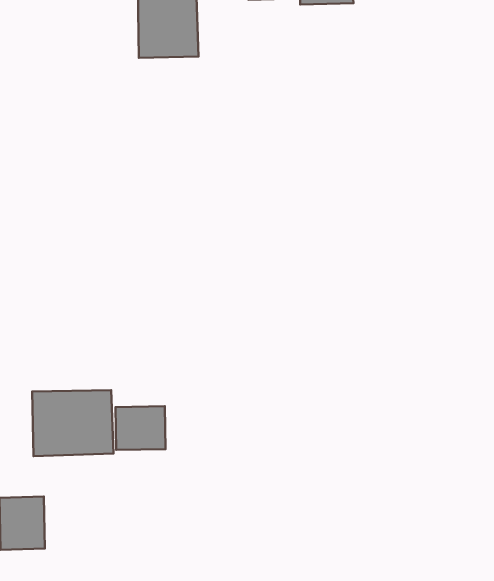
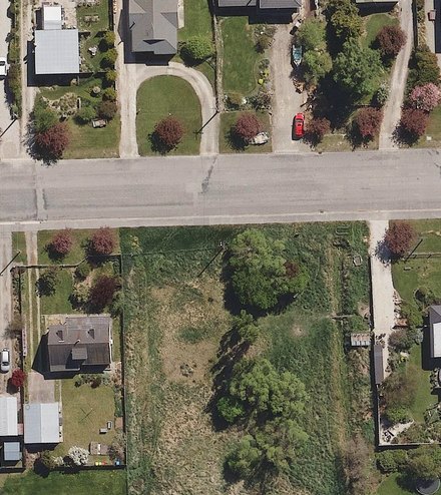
building: none -> [31,27,80,73]
building: [115,406,166,450] -> none

